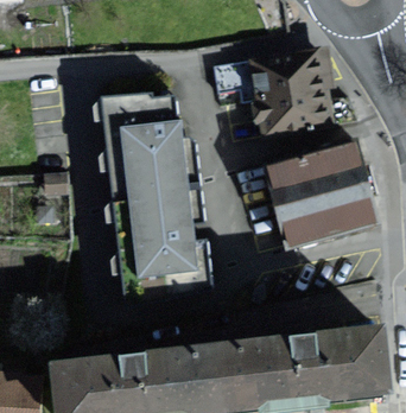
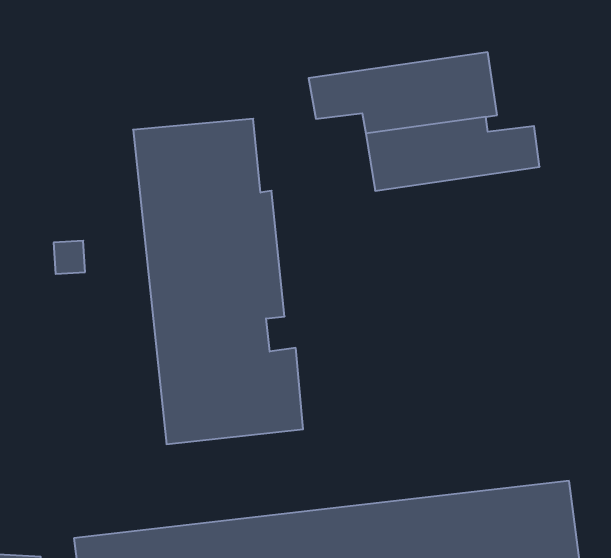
building: [262,146,374,244] -> none

